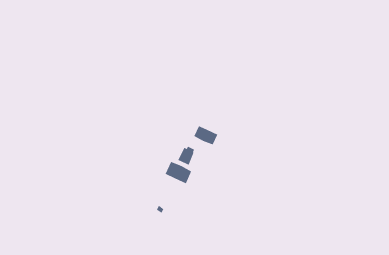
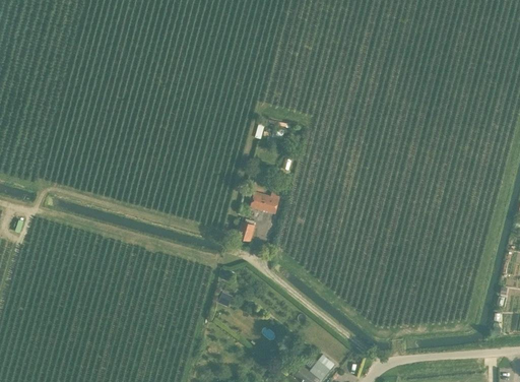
building: [165,161,192,184] -> none

